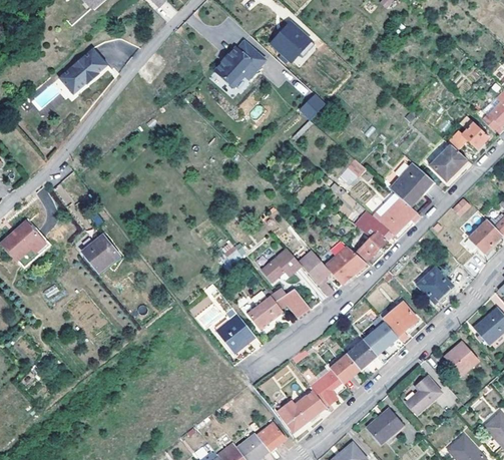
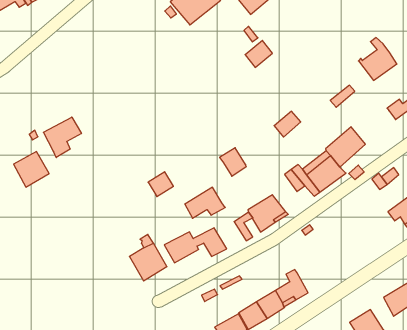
building: [428,137,467,180] -> [358,38,397,80]
building: none -> [43,117,81,158]
building: [357,231,389,261] -> none
building: [298,249,326,278] -> [220,148,246,176]
building: [418,268,454,304] -> none
building: [384,302,418,341] -> none

